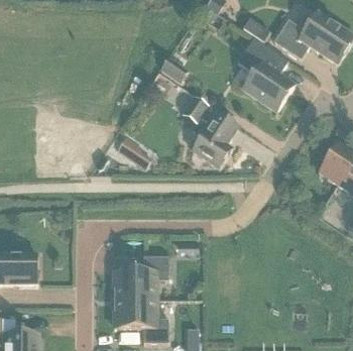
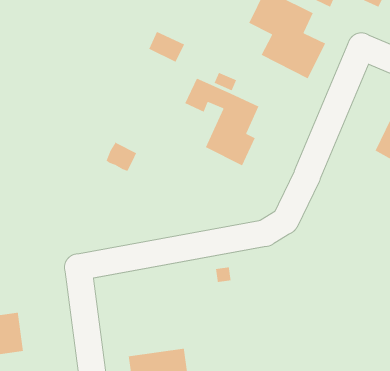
building: [113,255,168,298] -> none

